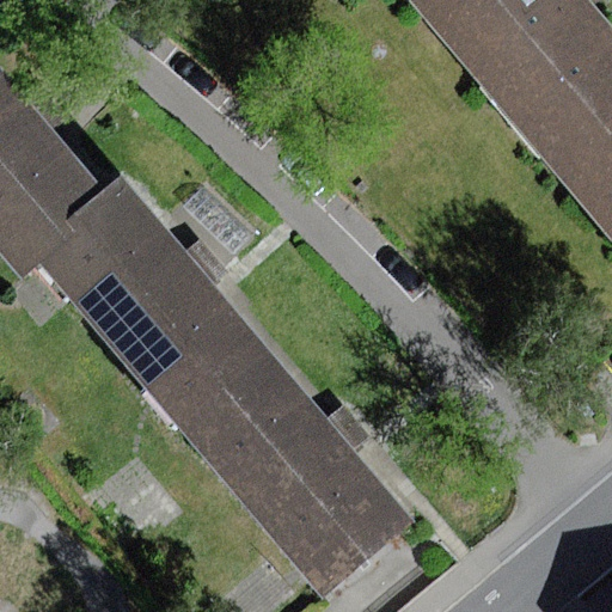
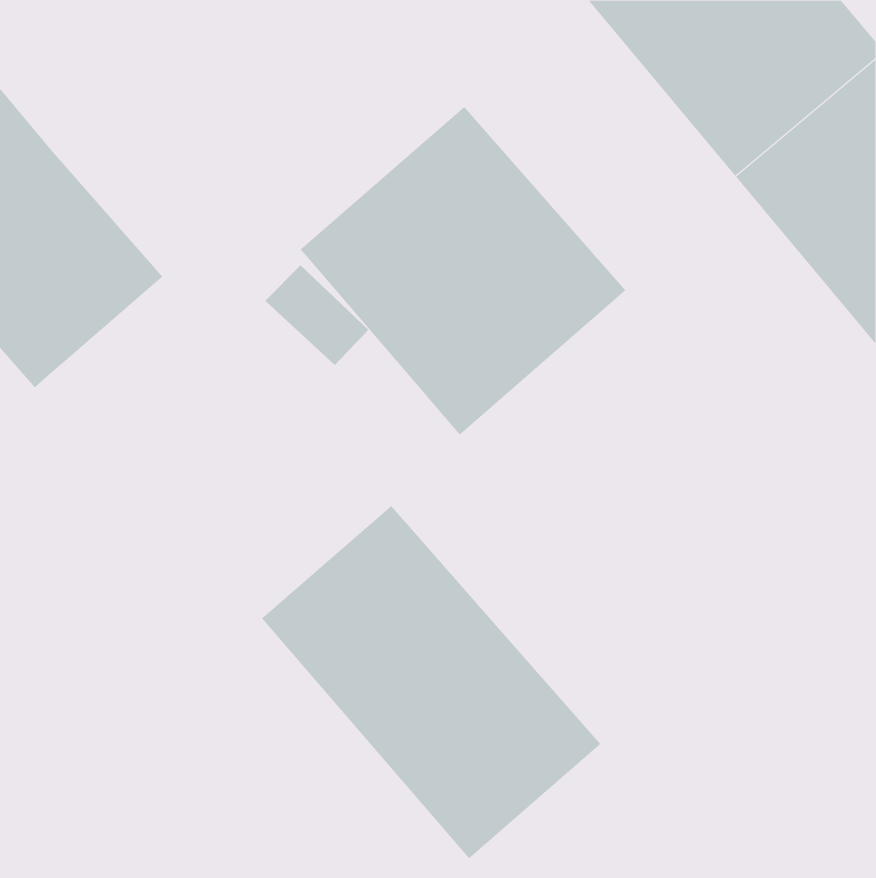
building: none -> [300,106,626,435]
building: [33,182,273,430] -> none

